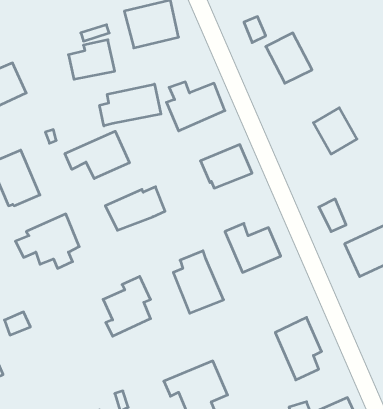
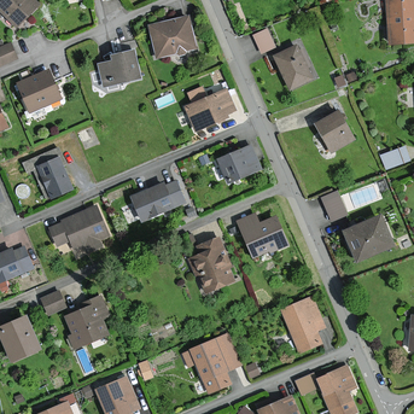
building: [100,84,161,126] -> none
building: [65,131,129,179] -> none
building: [103,276,151,336] -> [66,296,109,349]

